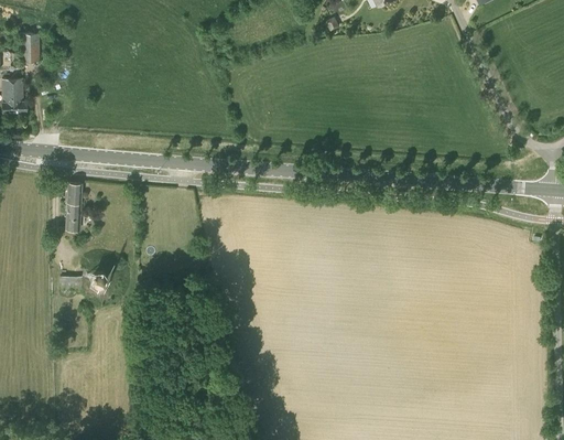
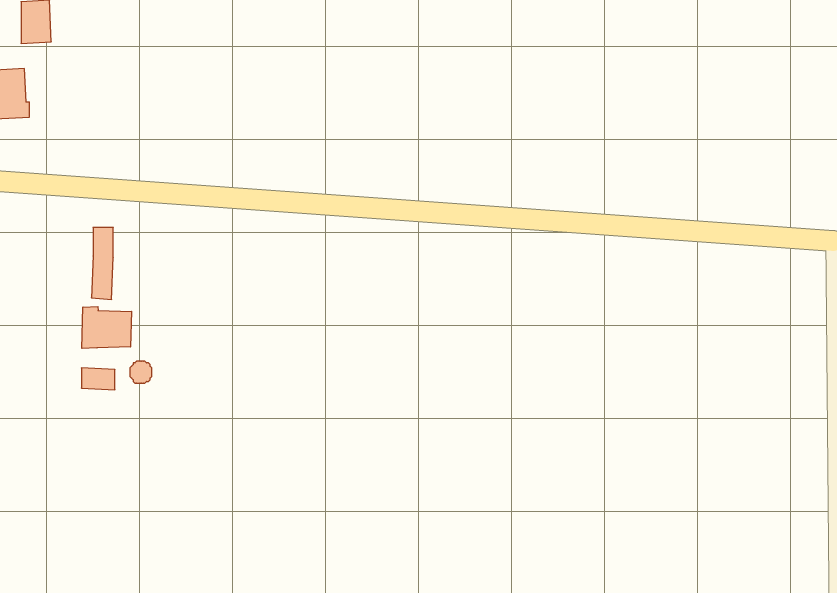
building: none -> [82,307,132,348]

